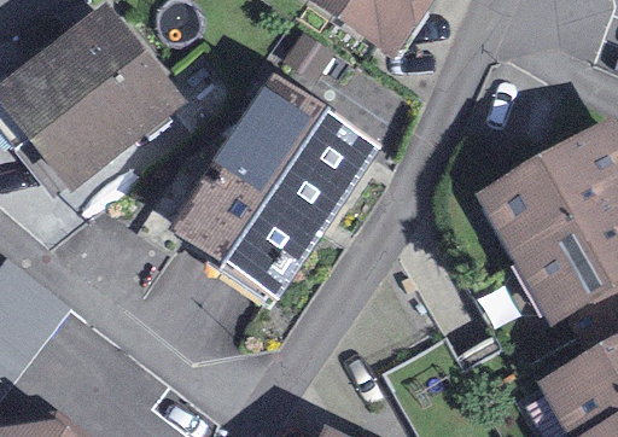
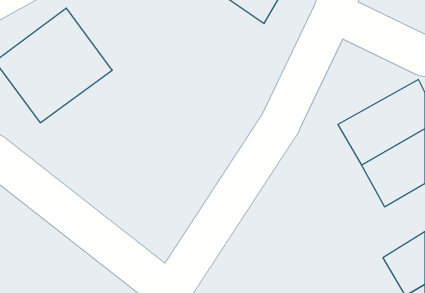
building: [175,88,365,298] -> none

